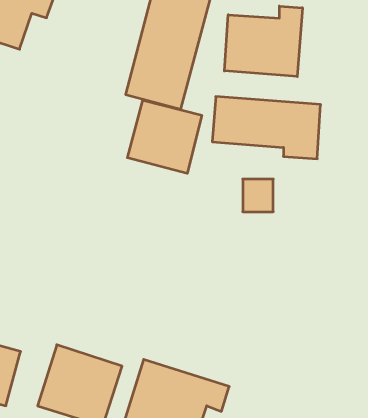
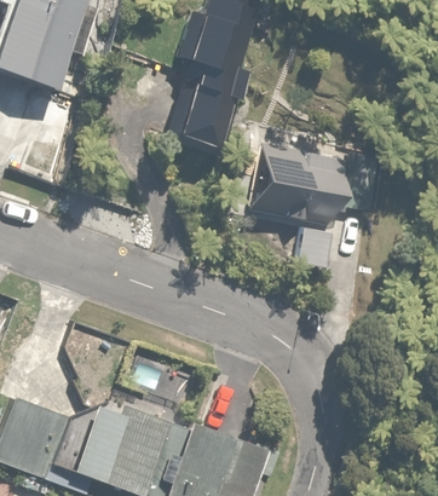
building: [224,6,302,77] -> none
building: [127,100,202,173] -> none

